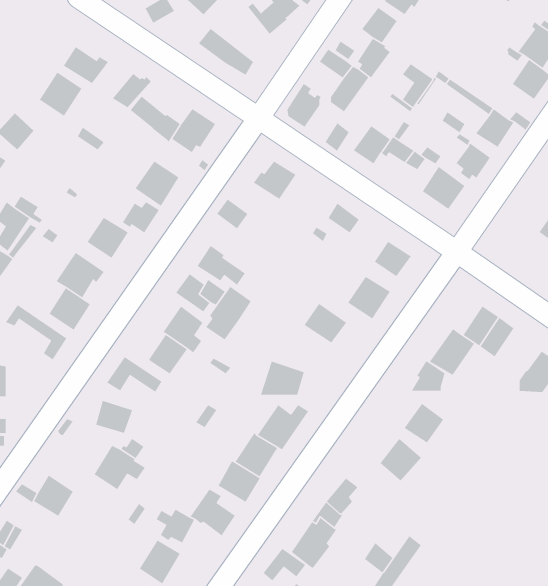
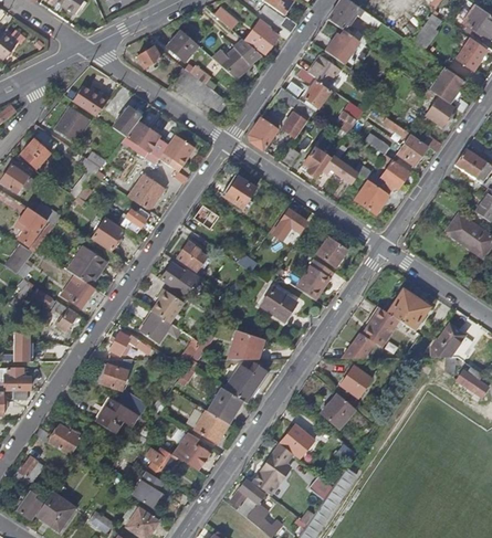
building: [205,286,252,341] -> none

